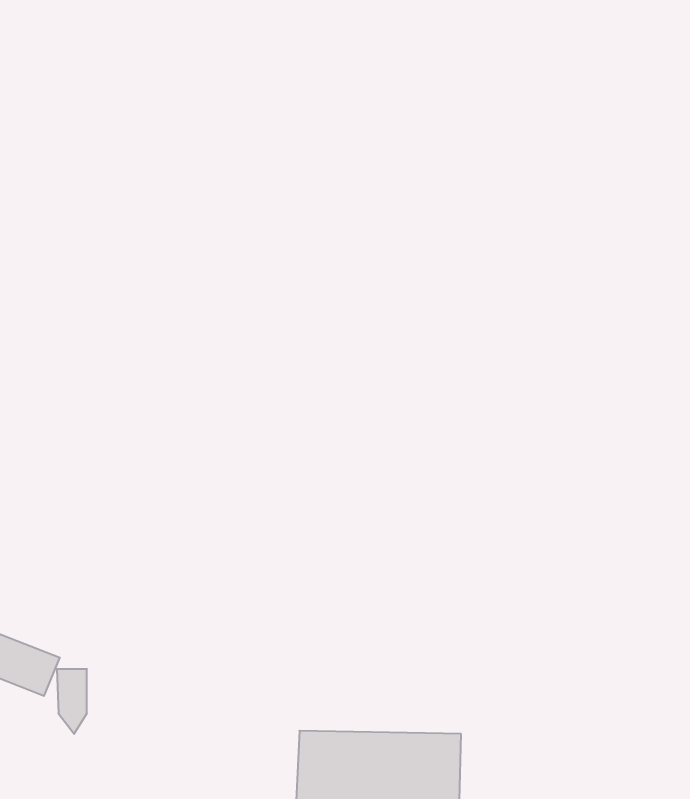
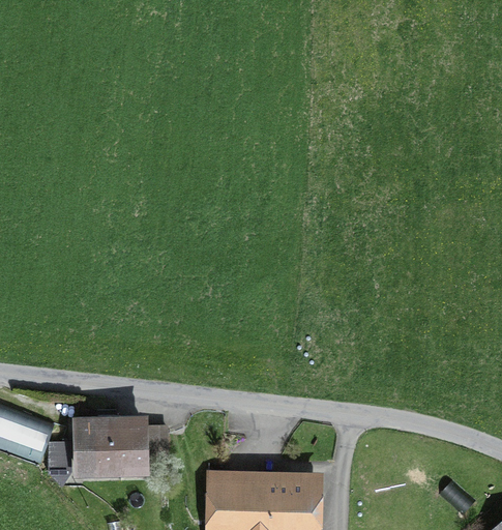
building: none -> [77,423,166,471]

